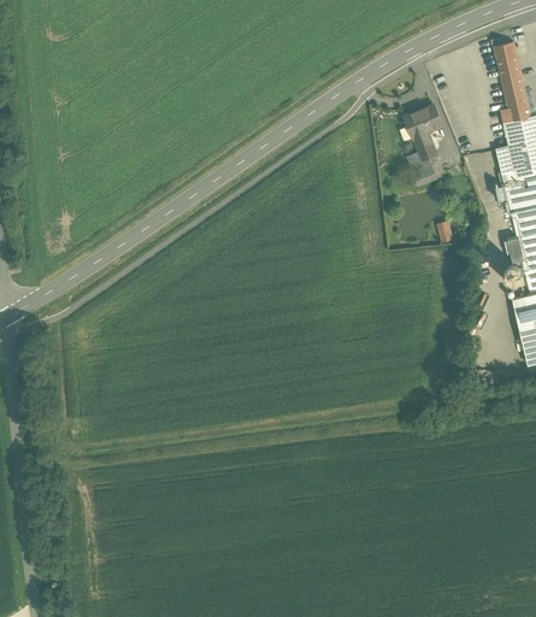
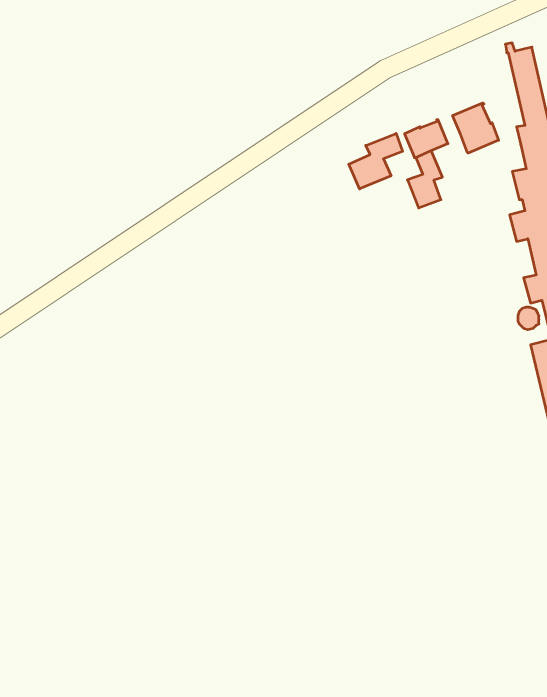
building: none -> [453,103,499,153]
building: none -> [349,133,403,189]

